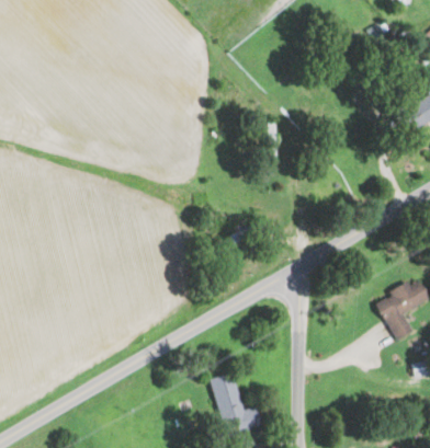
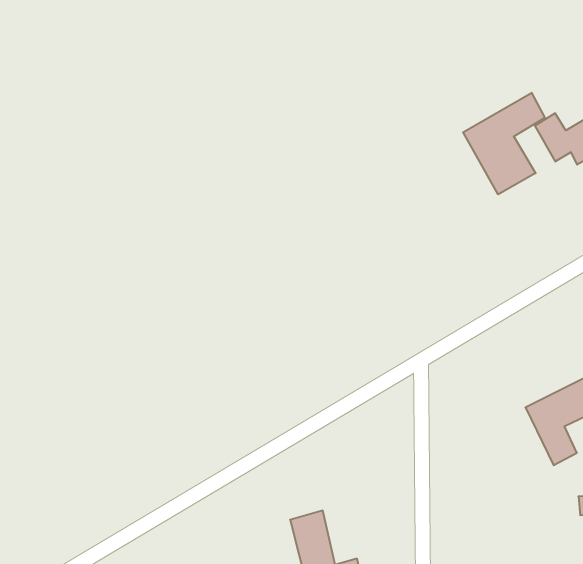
building: none -> [463,93,545,194]

